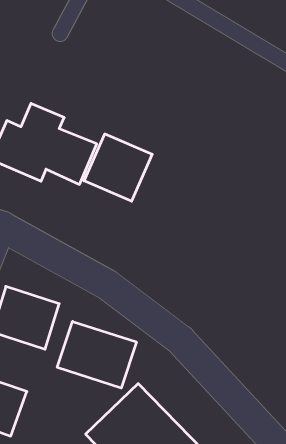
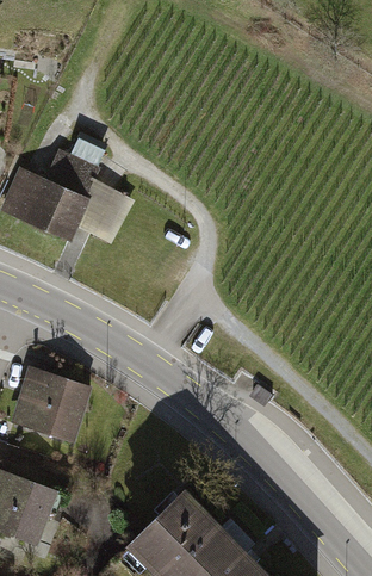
building: [84,134,152,201] -> none
building: [57,321,136,388] -> none

